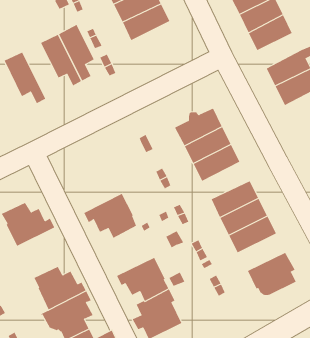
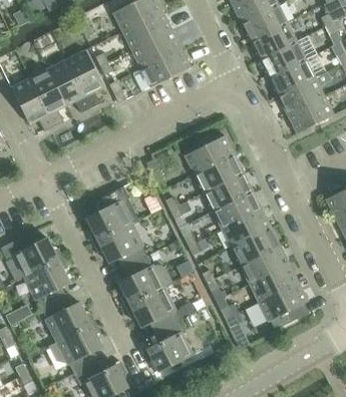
building: none -> [140,47,191,87]
building: none -> [269,59,314,95]
building: none -> [30,69,66,126]
building: none -> [86,186,131,243]
building: none -> [213,190,262,229]
building: none -> [118,256,172,307]
building: none -> [24,258,69,309]
building: none -> [249,264,298,302]

